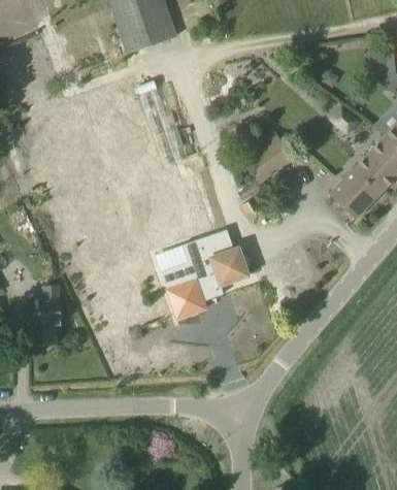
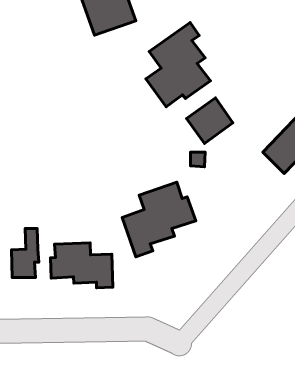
building: none -> [146,22,210,107]
building: none -> [51,243,113,288]

